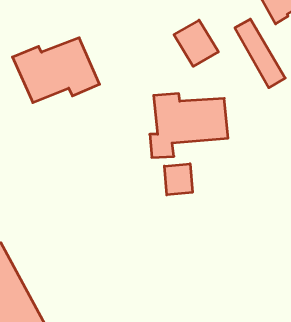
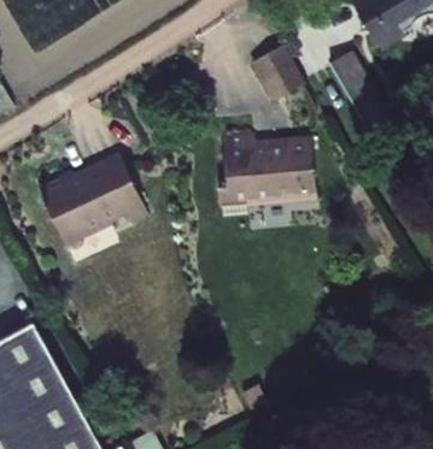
building: [12,38,100,103] -> [40,165,148,246]
building: [164,164,192,195] -> none

